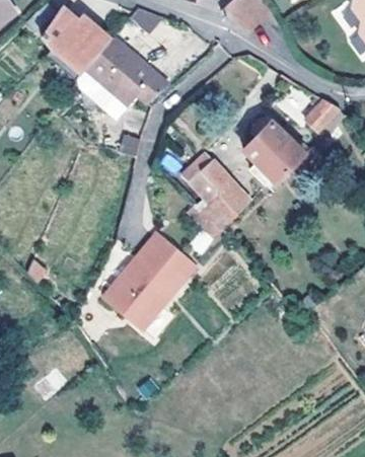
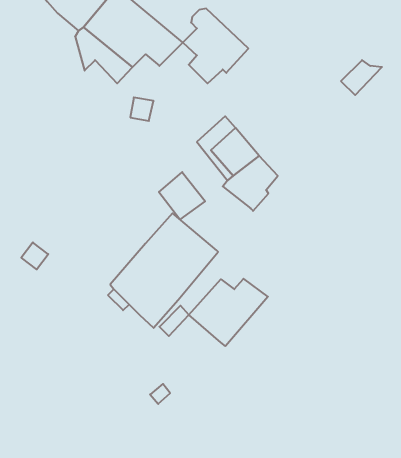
building: [246,117,303,181] -> [183,9,248,83]
building: none -> [159,172,205,219]
building: none -> [189,279,268,346]

